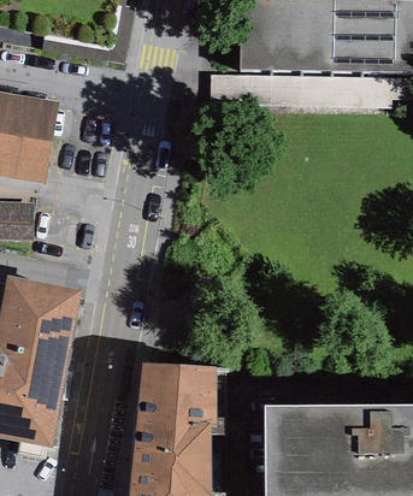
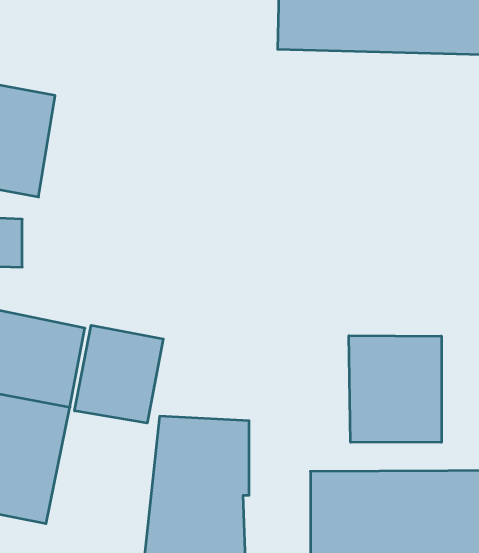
building: none -> [75,325,163,423]
building: none -> [349,336,441,442]

